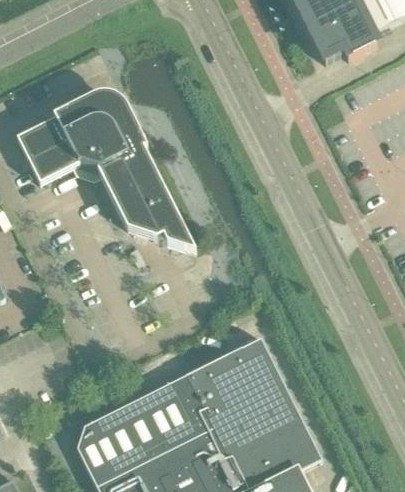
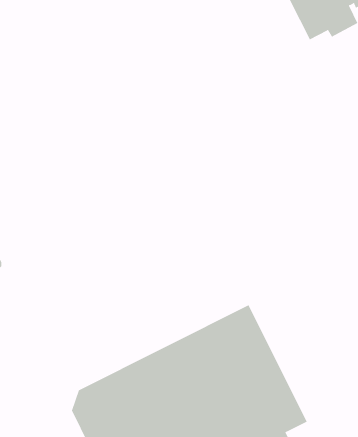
building: [16,98,195,250] -> none

